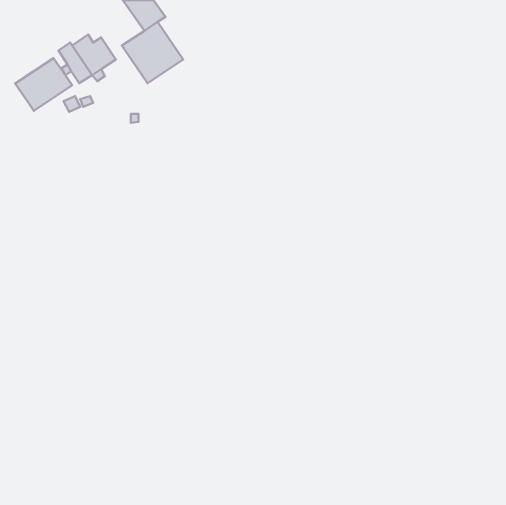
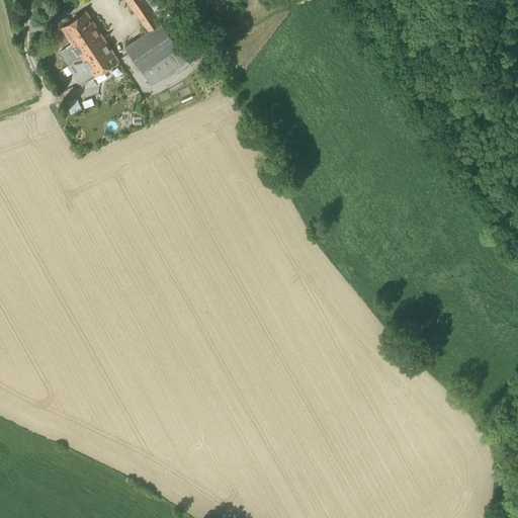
building: none -> [61,12,103,48]
building: [15,58,72,111] -> none

